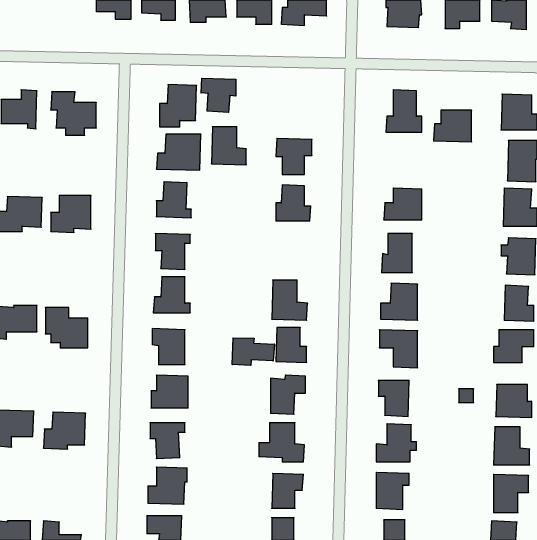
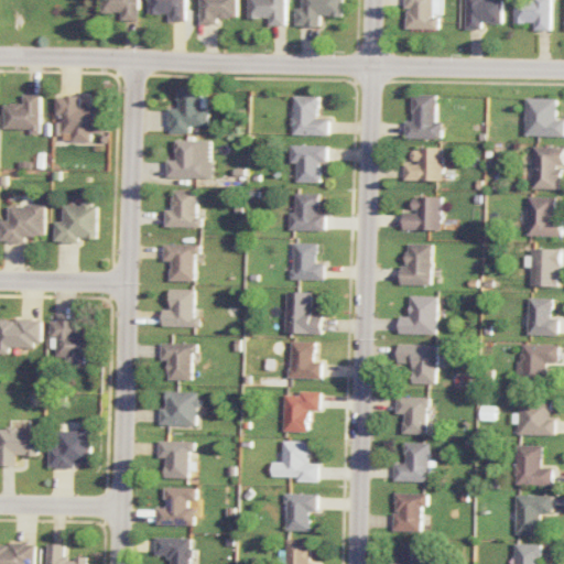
building: [201,78,236,112] -> none
building: [434,110,472,142] -> [401,148,441,181]
building: [211,127,246,165] -> [290,96,326,135]
building: none -> [291,242,322,280]
building: [232,338,274,365] -> none

